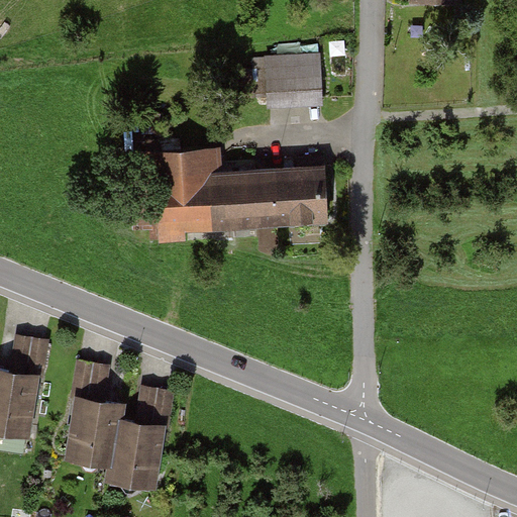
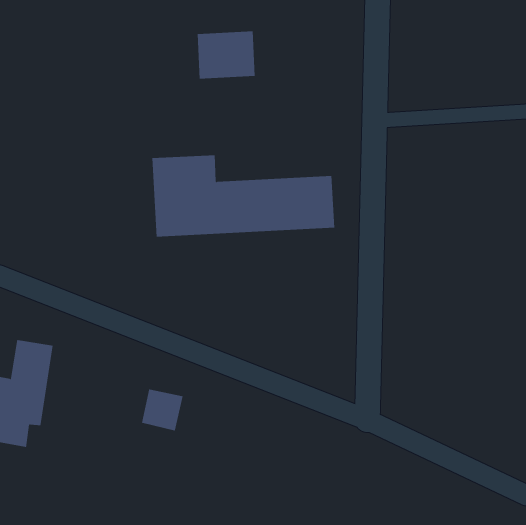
building: [262,58,319,105] -> [197,31,256,79]
building: [63,360,164,491] -> none

